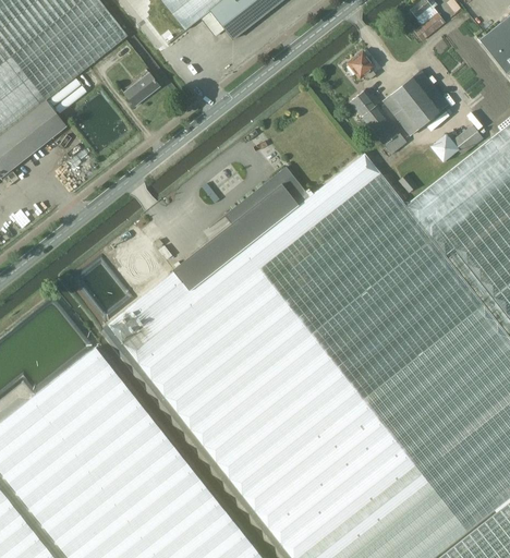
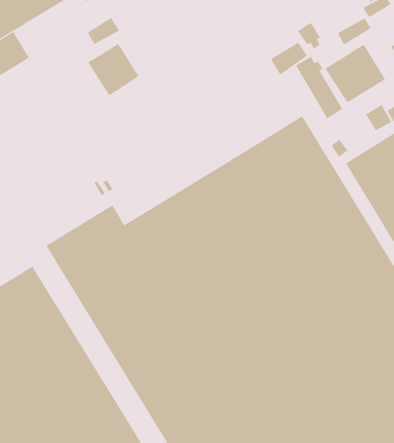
building: none -> [337,18,371,46]
building: none -> [270,42,308,76]
building: none -> [87,43,139,96]
building: [172,167,309,292] -> none

